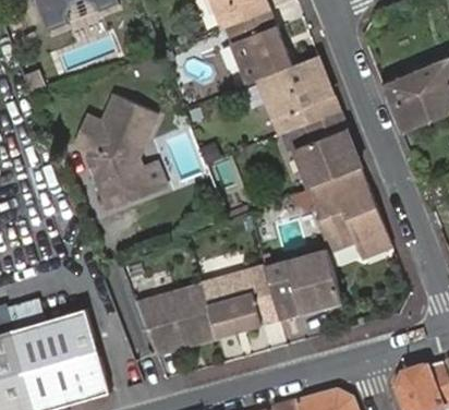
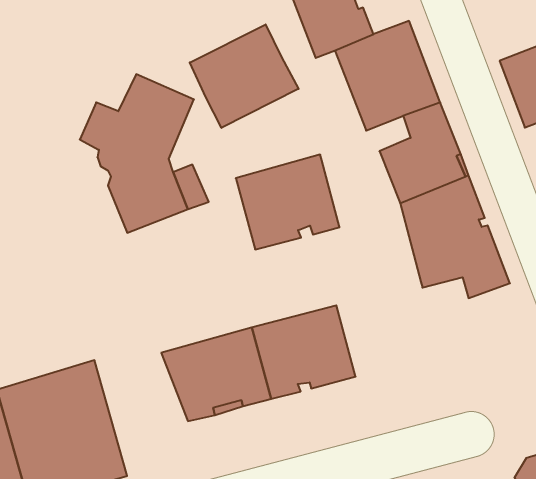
building: none -> [190,24,299,128]
building: [263,246,339,316] -> [236,155,340,249]

